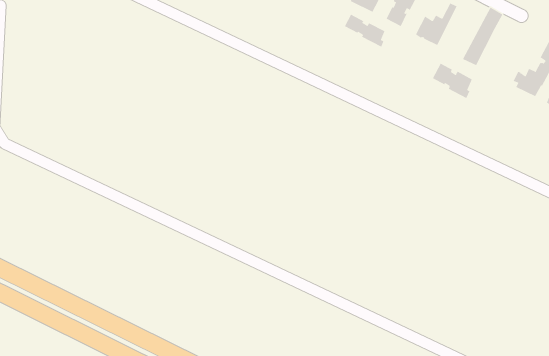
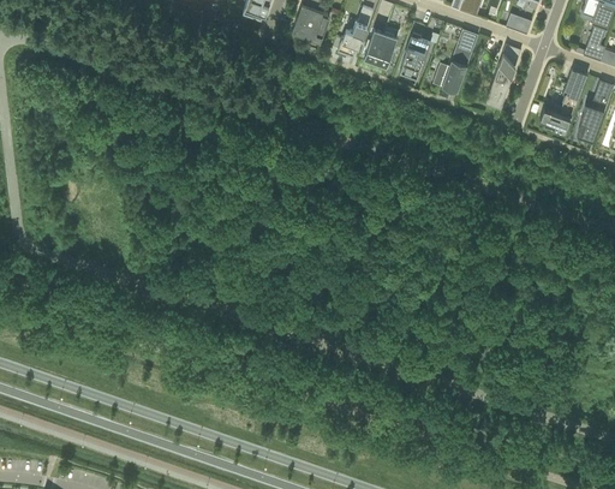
building: [344,14,385,48] -> none
building: [432,63,473,99] -> none

